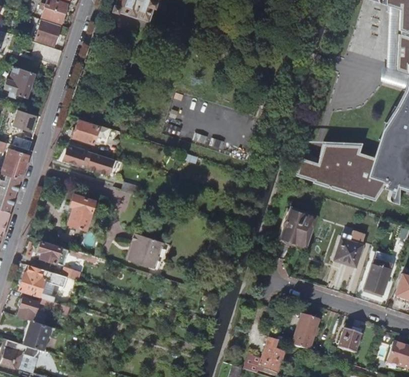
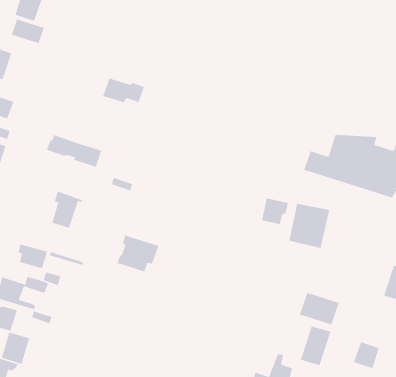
building: [73,120,111,143] -> [102,77,145,103]
building: none -> [261,197,289,225]
building: [334,233,363,267] -> none
building: none -> [299,292,340,325]

